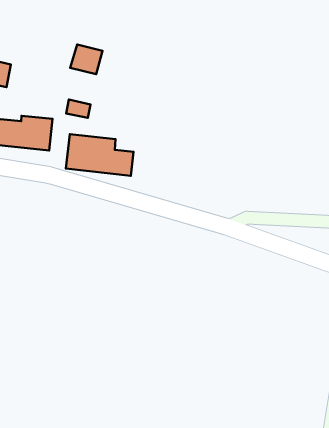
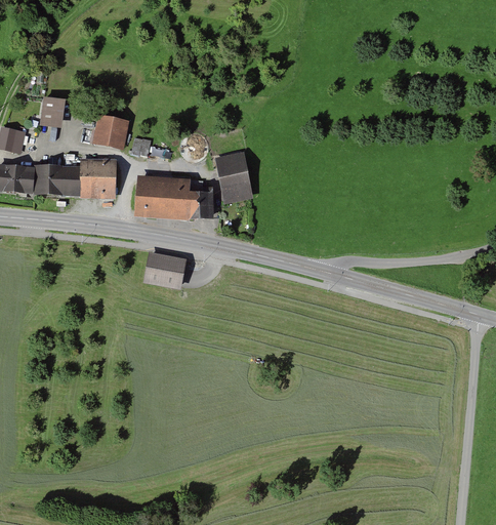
building: [70,45,102,74] -> [91,116,127,149]
building: none -> [214,150,252,202]
building: none -> [142,253,187,287]

